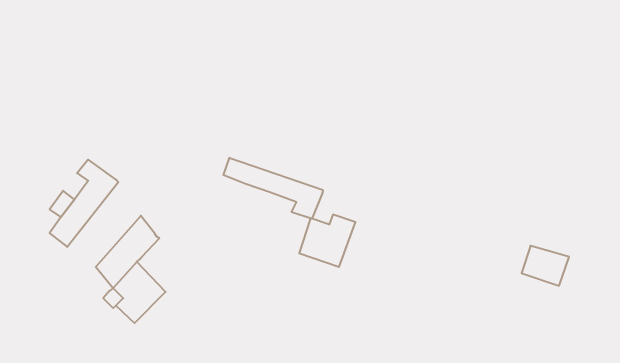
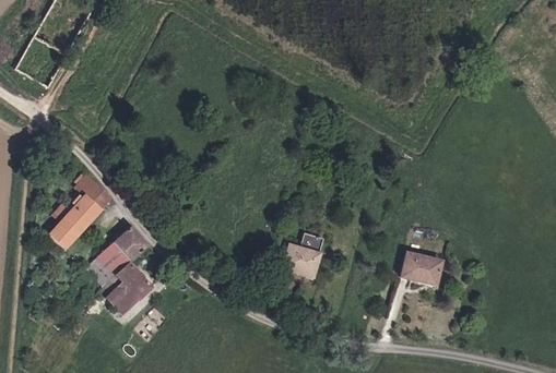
building: [223,158,323,219] -> none
building: [522,246,569,286] -> [411,252,452,287]

